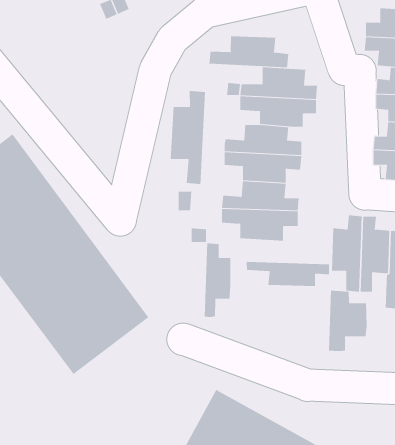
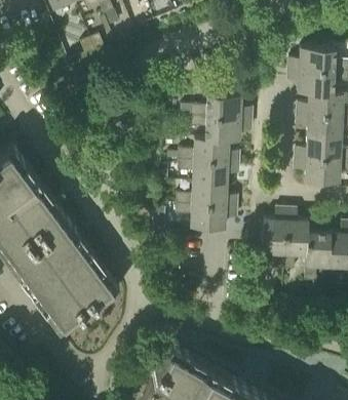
building: [209,35,289,68] -> none
building: [170,90,206,185] -> none
building: [204,242,231,318] -> none
building: [246,261,330,287] -> none
building: [328,290,367,352] -> none

